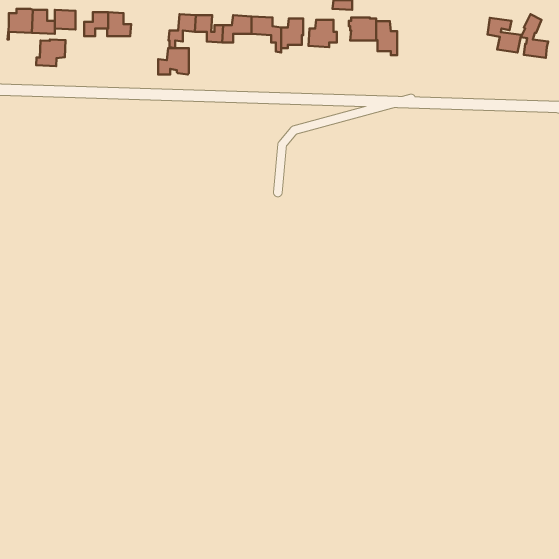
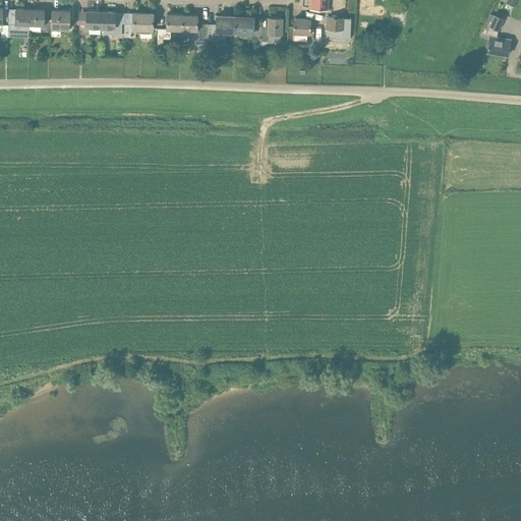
building: [488,18,521,52] -> none
building: [376,21,397,55] -> none
building: [36,39,66,66] -> none
building: [158,48,189,74] -> [124,12,153,37]

